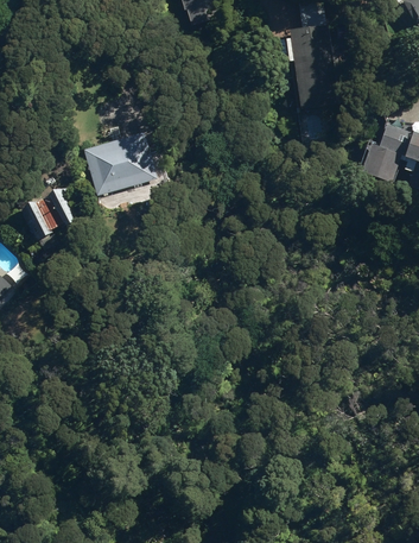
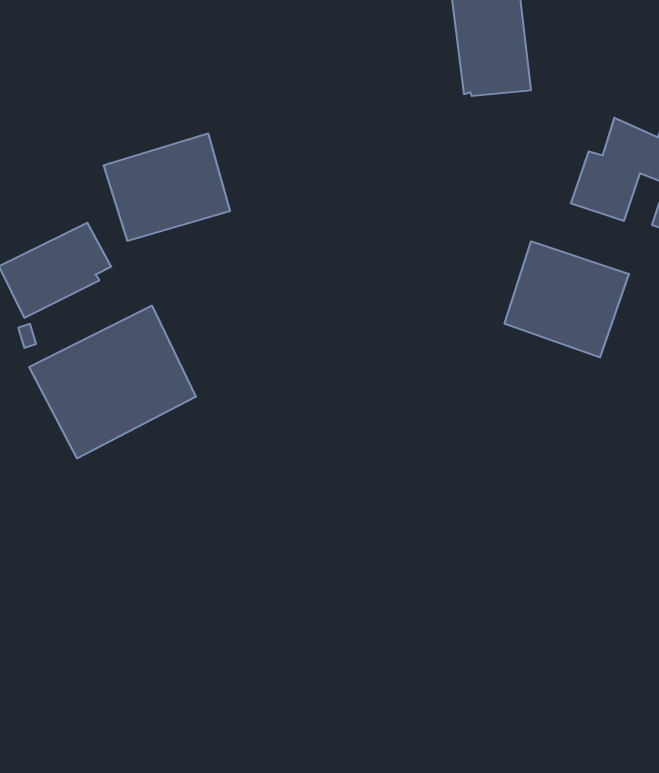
building: none -> [505,241,629,358]
building: none -> [29,306,196,458]

